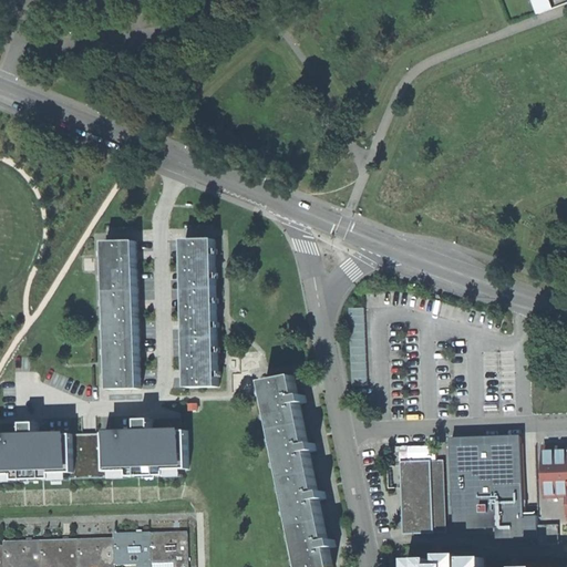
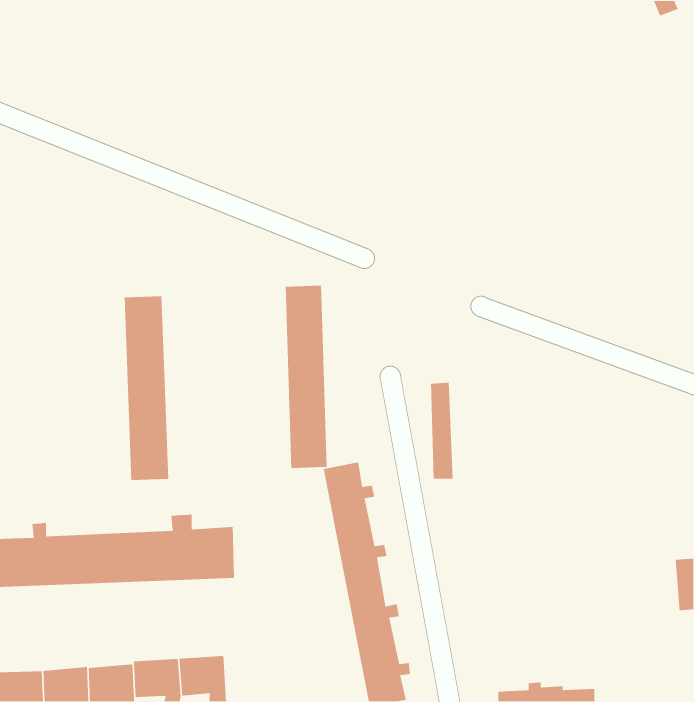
building: [178,236,213,384] -> [285,285,327,469]
building: [446,437,533,540] -> none
building: [398,460,442,530] -> none

